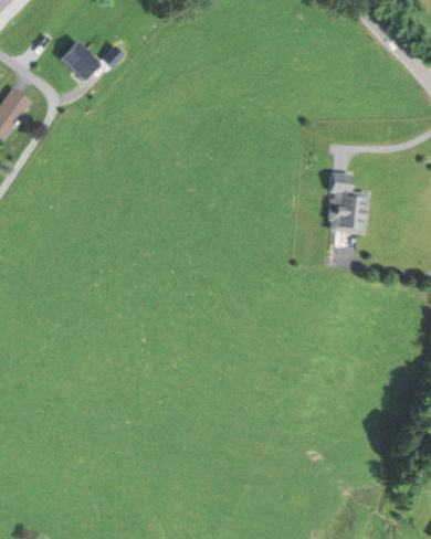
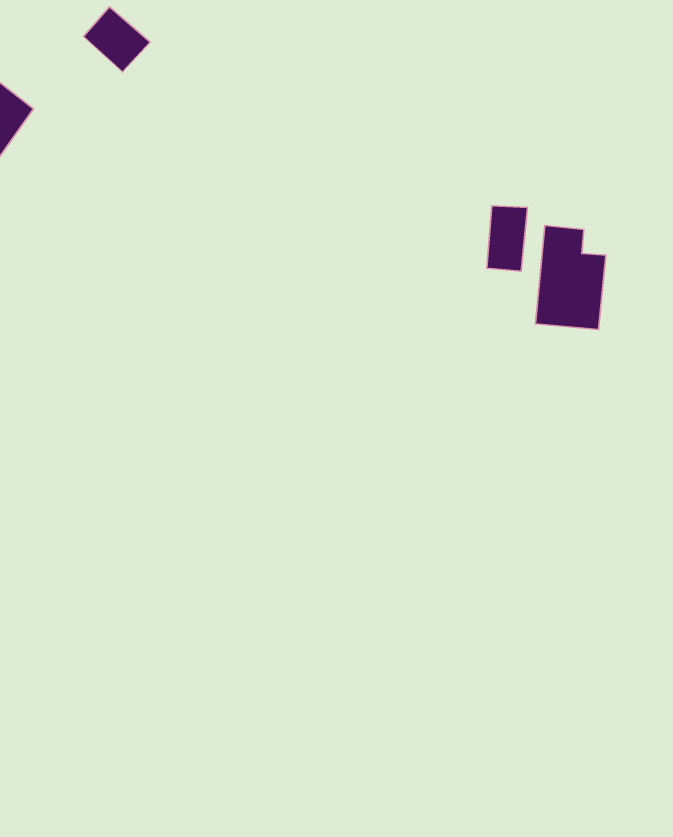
building: none -> [487,206,528,271]

